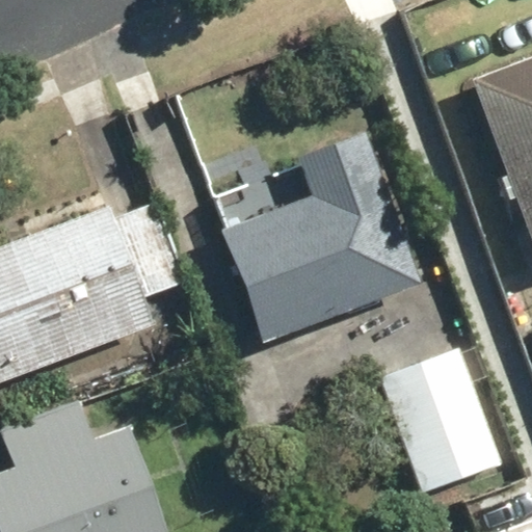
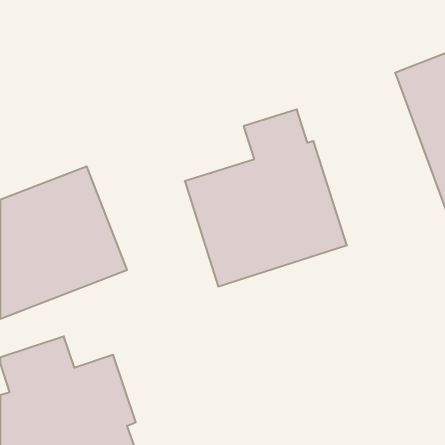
building: [371,334,508,516] -> none

